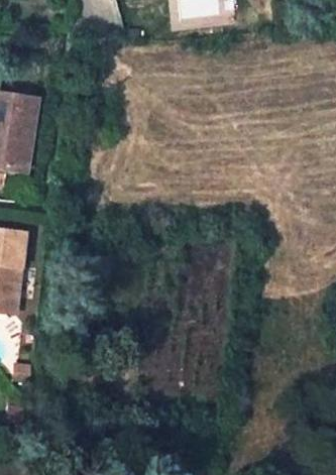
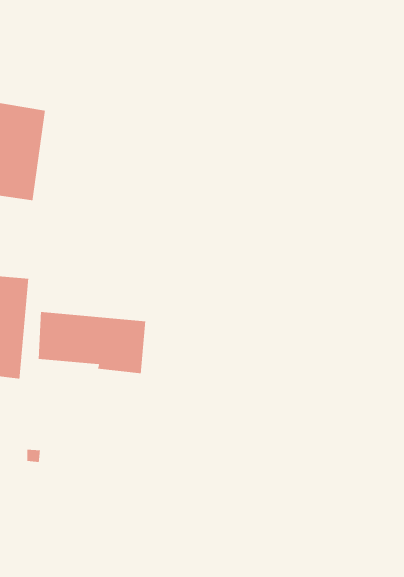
building: none -> [38,311,146,374]

